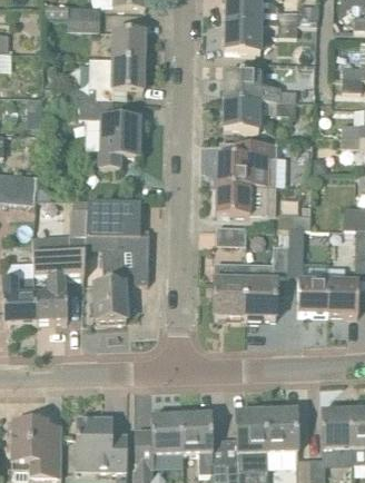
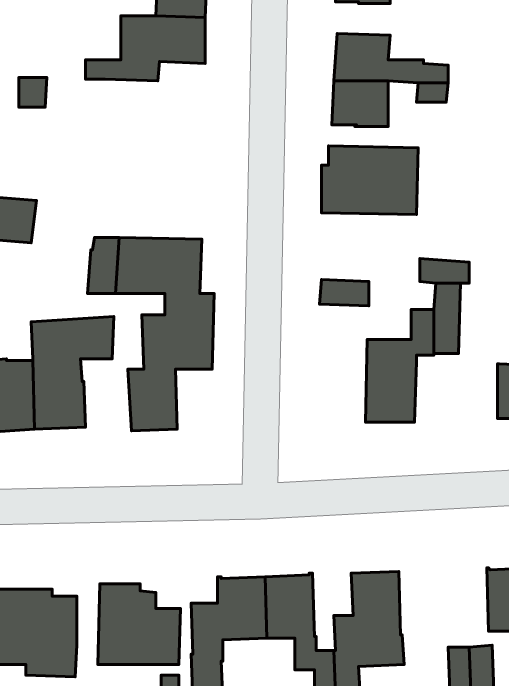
building: [80,98,138,166] -> none
building: [216,183,277,214] -> none
building: [214,262,246,315] -> none
building: [298,277,328,313] -> none
building: [266,408,298,450] -> none

